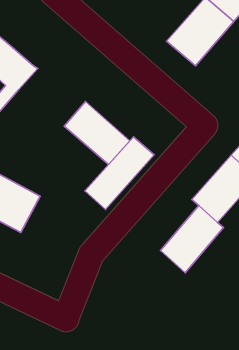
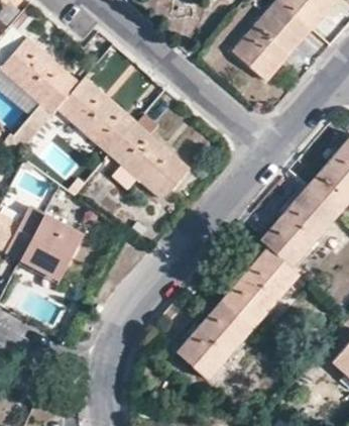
building: none -> [56,78,135,151]
building: [85,137,154,210] -> none
building: none -> [179,299,253,378]

